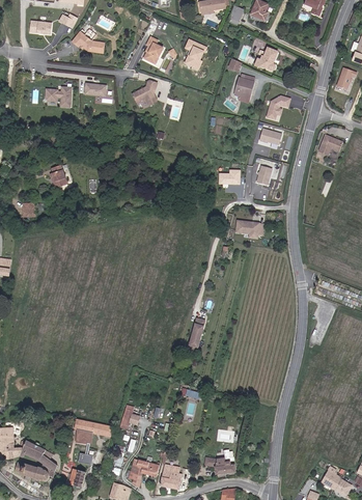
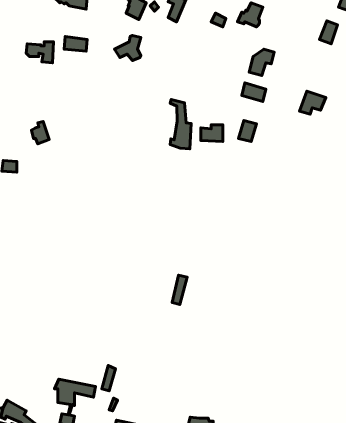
building: [234,75,255,103] -> none
building: none -> [170,99,191,149]
building: [235,220,264,239] -> none

